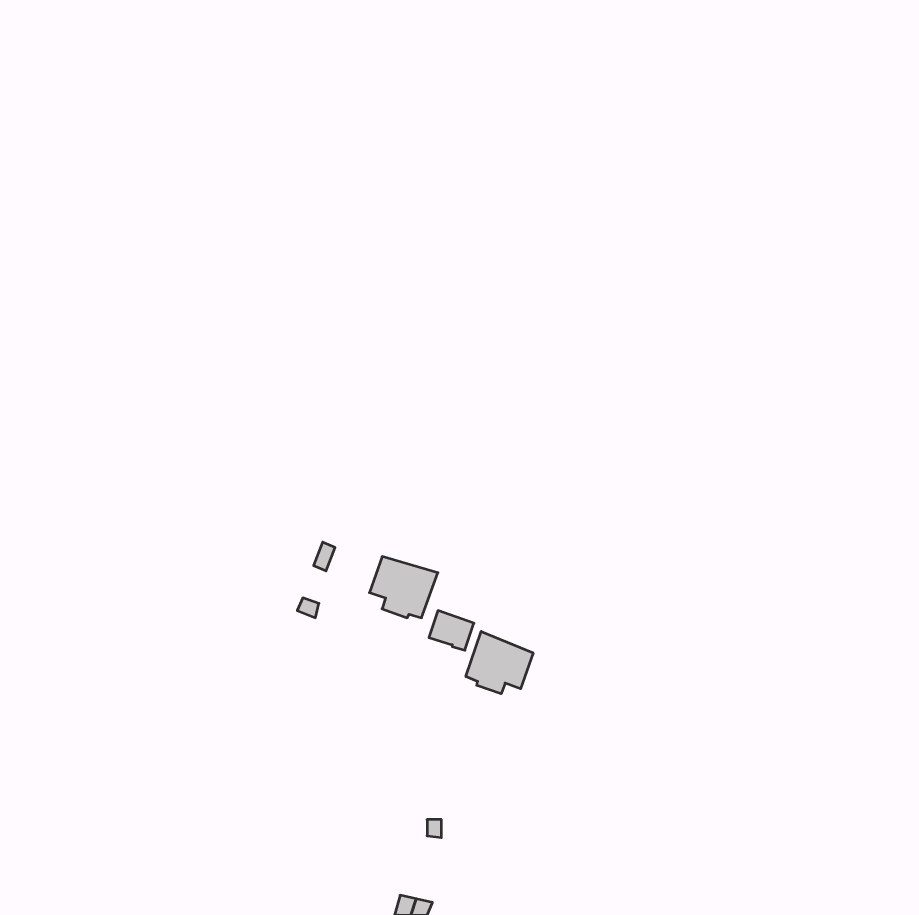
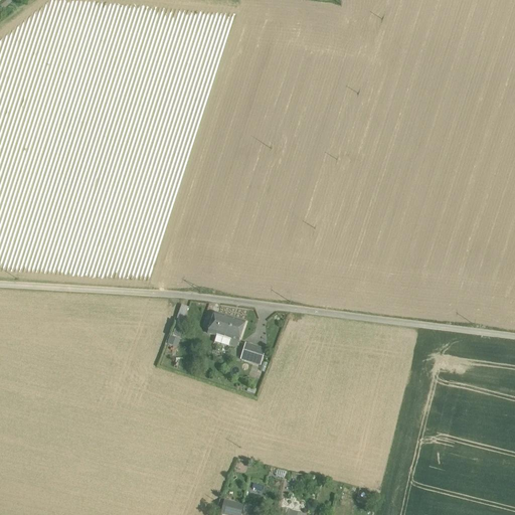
building: [466,631,533,694] -> none

